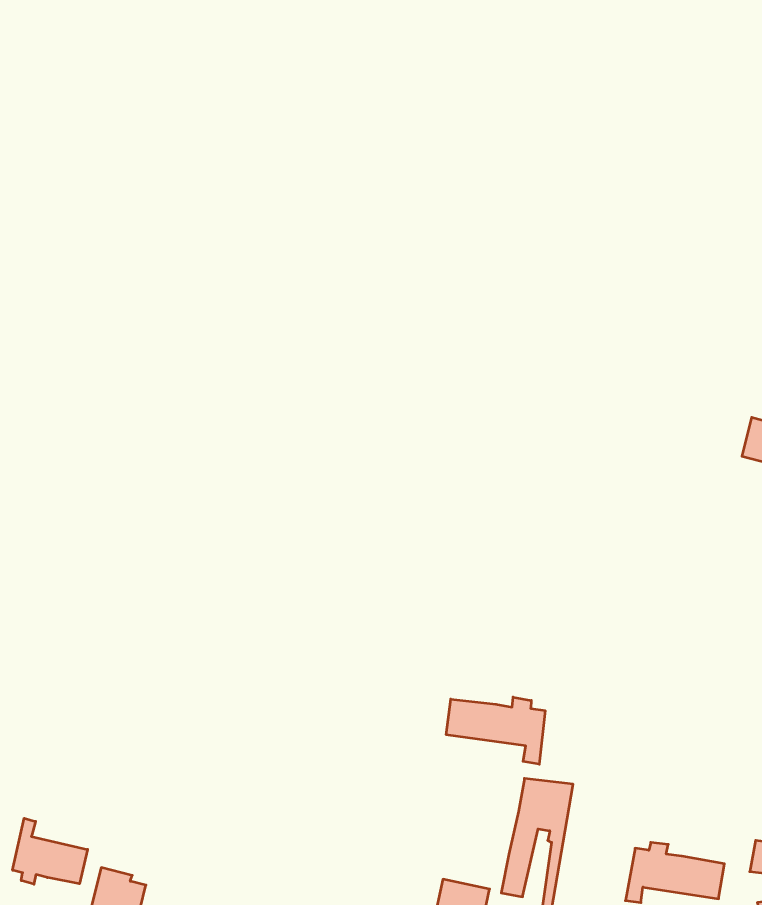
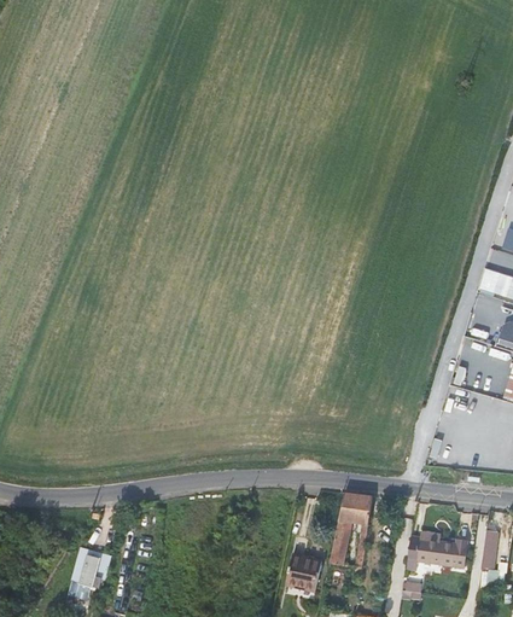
building: [446,697,545,764] -> none
building: [13,818,88,884] -> none

